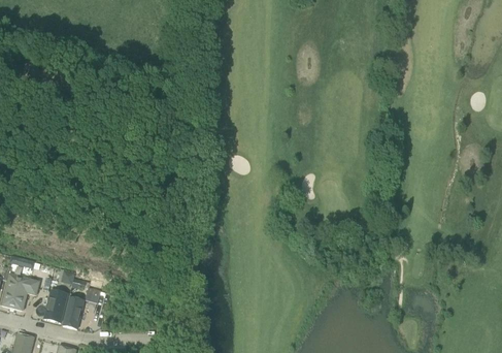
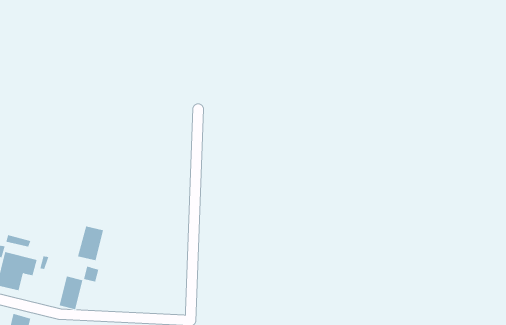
building: [42,288,68,322] -> [77,226,104,261]

